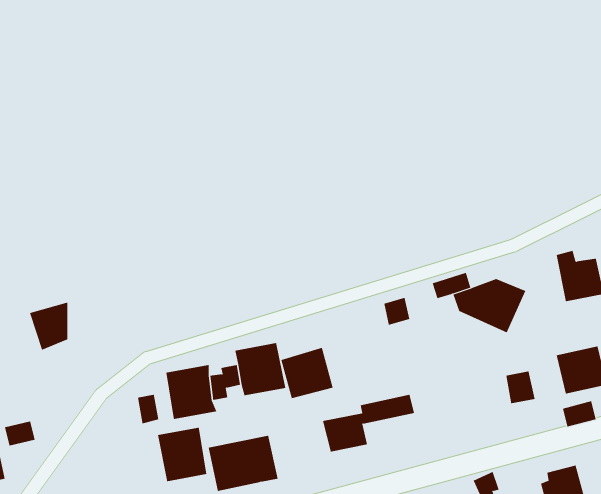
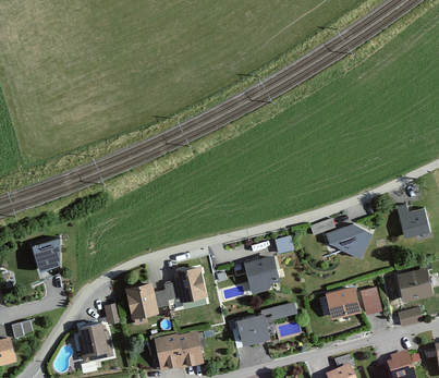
building: [280,347,334,399] -> [241,254,278,290]
building: none -> [322,285,359,318]
building: [157,427,207,482] -> [75,321,110,359]

